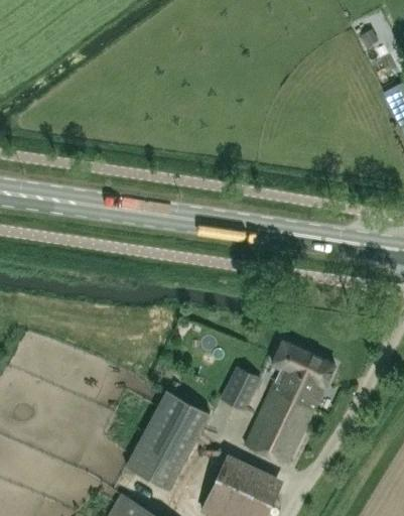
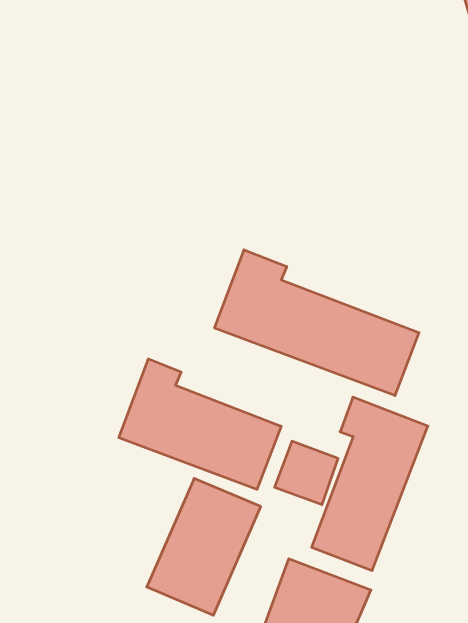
building: none -> [215,250,419,396]
building: none -> [119,359,281,489]

